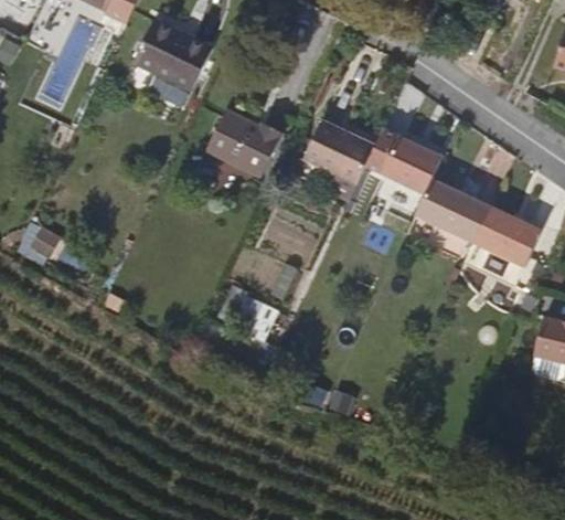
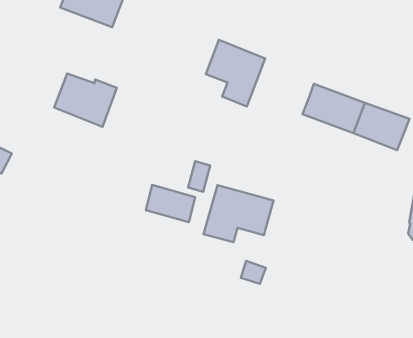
building: [207,113,285,180] -> [54,73,117,127]
building: [380,138,441,194] -> none
building: none -> [203,185,274,242]

